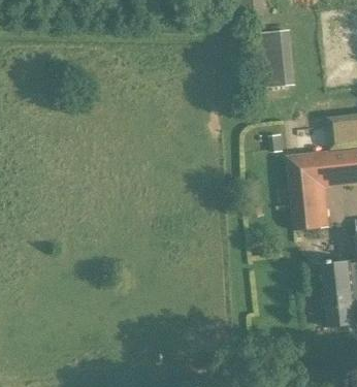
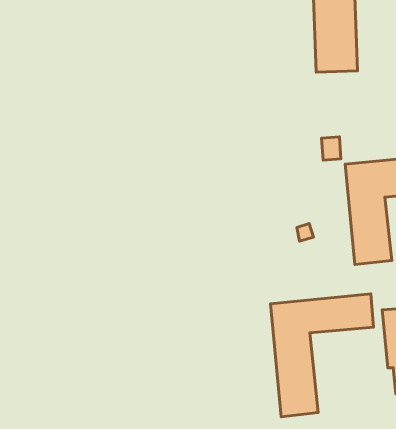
building: none -> [270,294,373,417]

